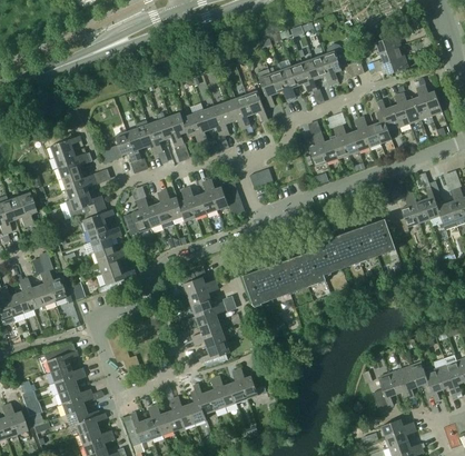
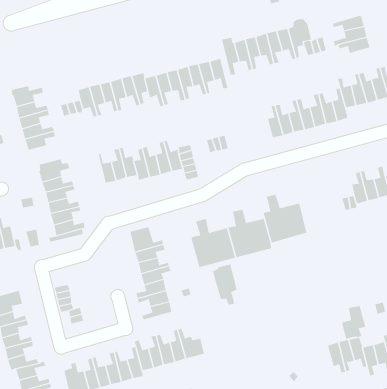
building: [67,194,105,217] -> none
building: [122,198,151,235] -> none
building: [350,210,397,260] -> none
building: none -> [212,264,237,306]
building: [373,373,398,408] -> [341,305,366,339]

